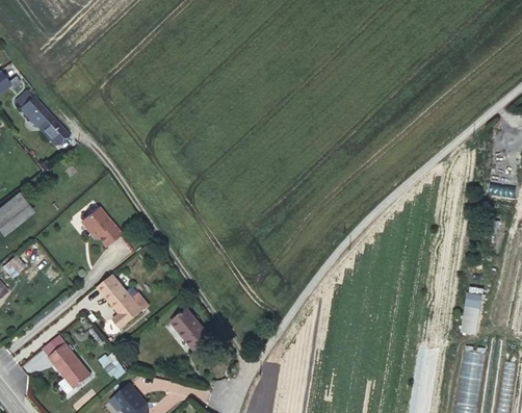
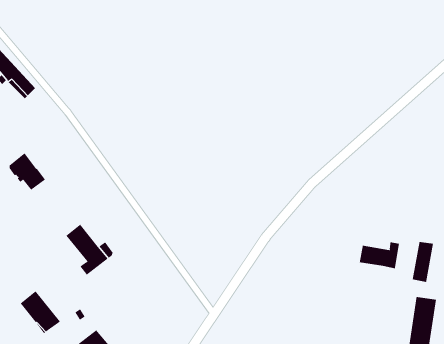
building: [82,206,121,246] -> [9,152,46,190]
building: none -> [359,242,399,269]
building: [171,308,209,349] -> none

